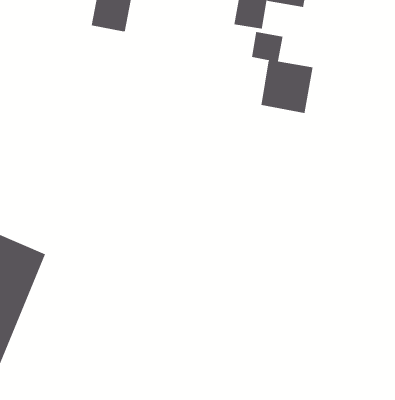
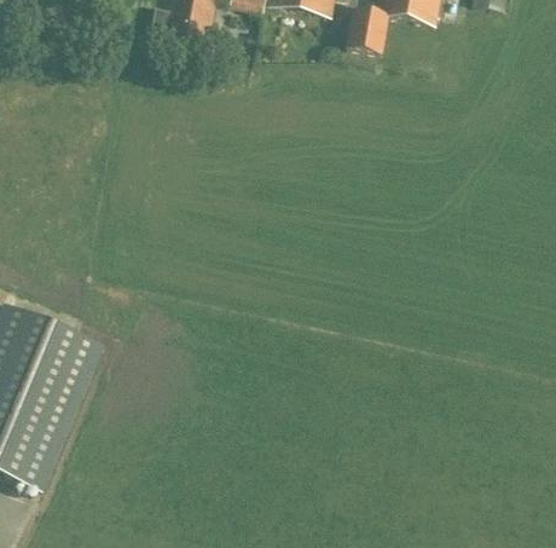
building: [252,31,313,114] -> none

